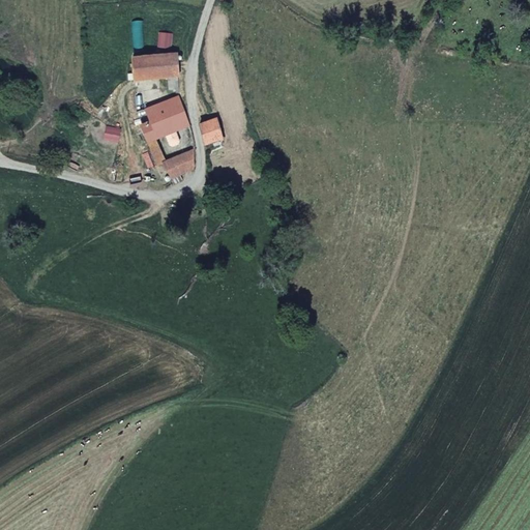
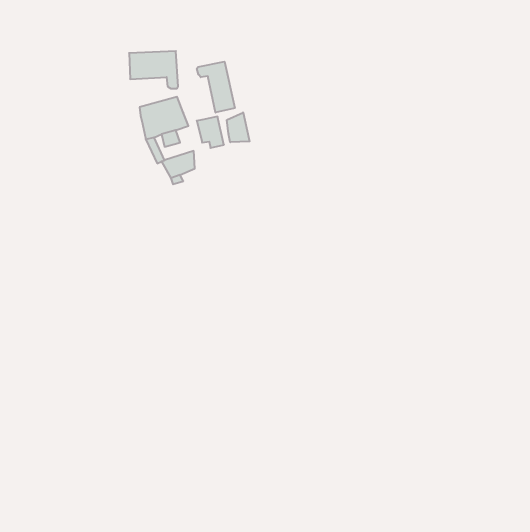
building: none -> [197,62,235,113]
building: none -> [227,112,250,142]

